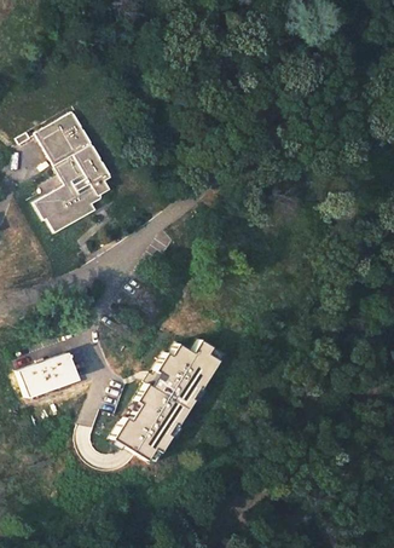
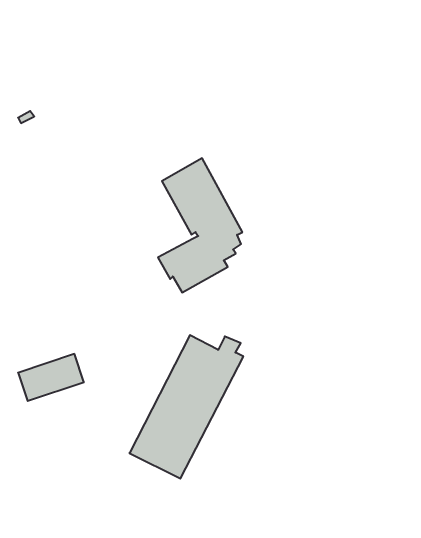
building: [34,113,110,233] -> [158,158,242,292]

